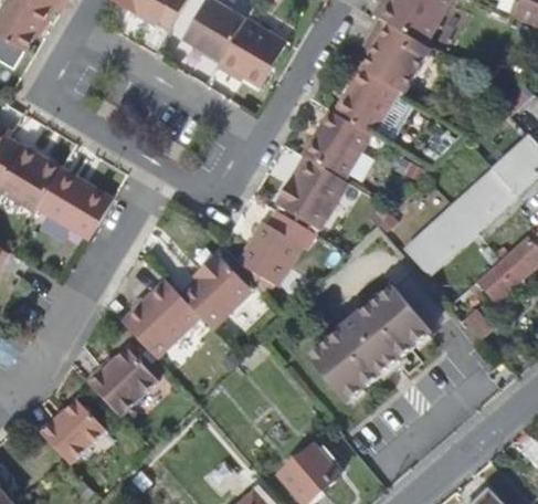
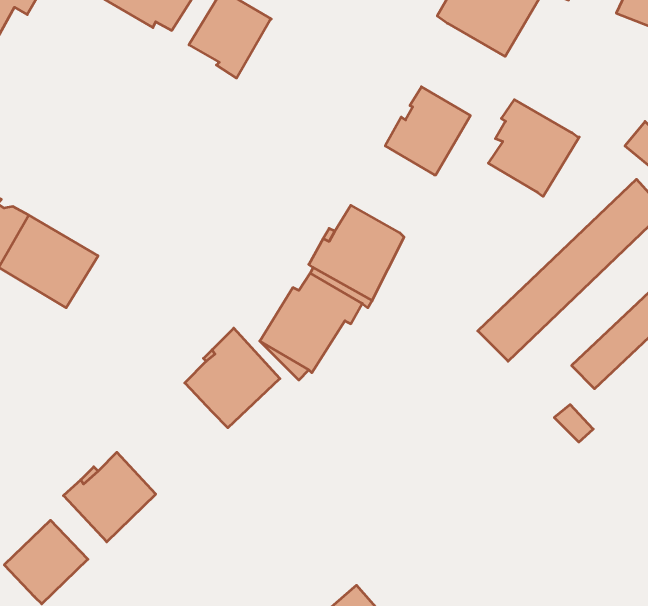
building: [218,18,286,85] -> none
building: [361,20,431,94] -> [488,100,579,196]
building: [303,111,371,180] -> none
building: [122,280,201,359] -> none
building: [308,284,431,402] -> none

